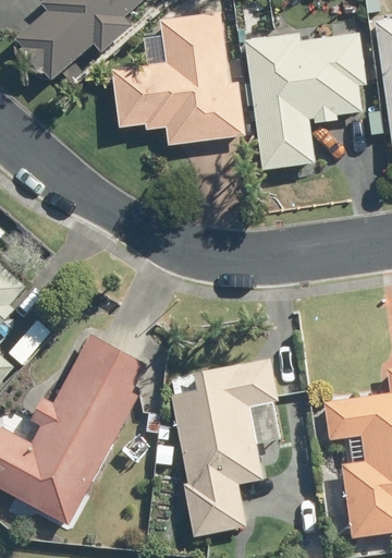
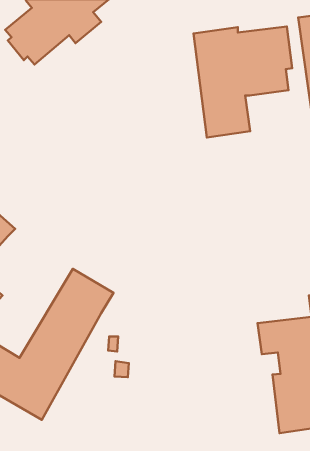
building: [109,13,245,147] -> none
building: [172,356,277,534] -> none

